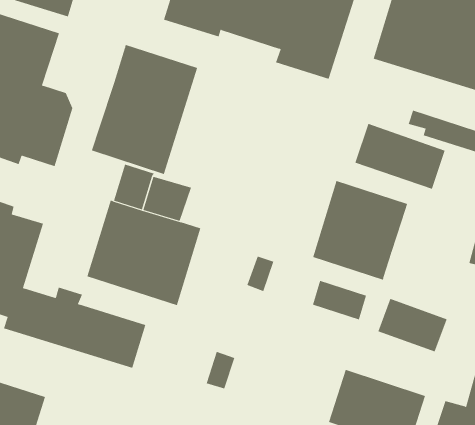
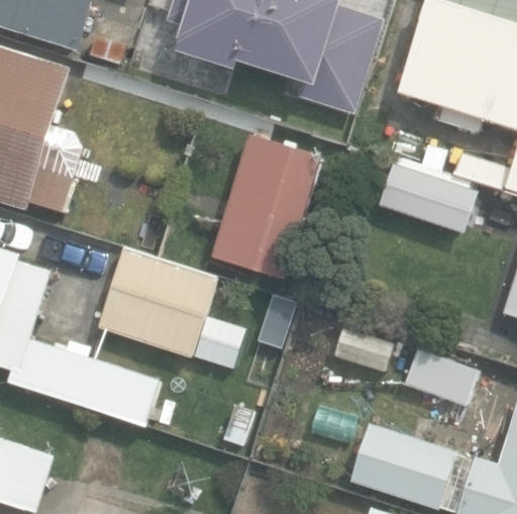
building: [91,44,198,175] -> none
building: none -> [212,135,323,279]
building: [312,180,408,280] -> none

